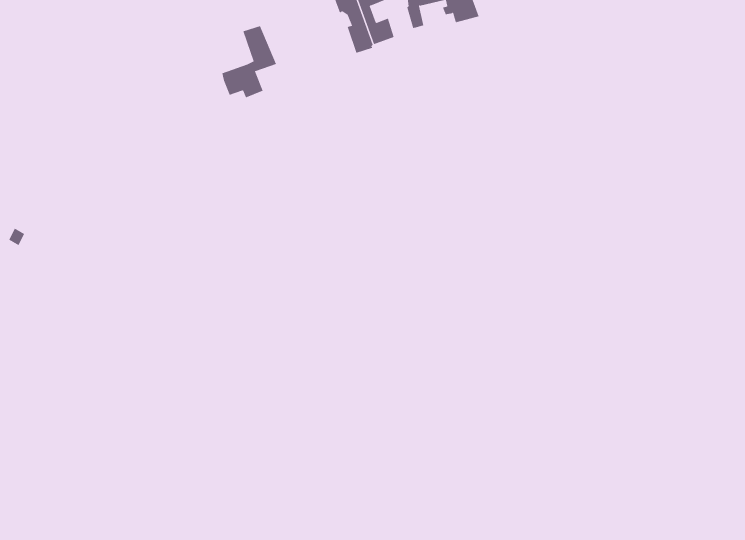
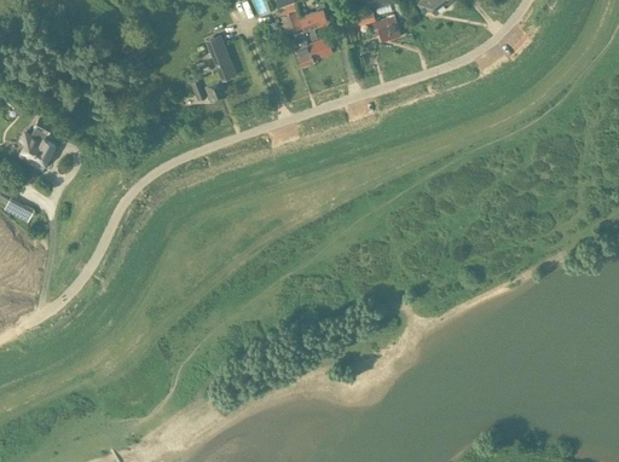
building: none -> [19,117,56,168]

